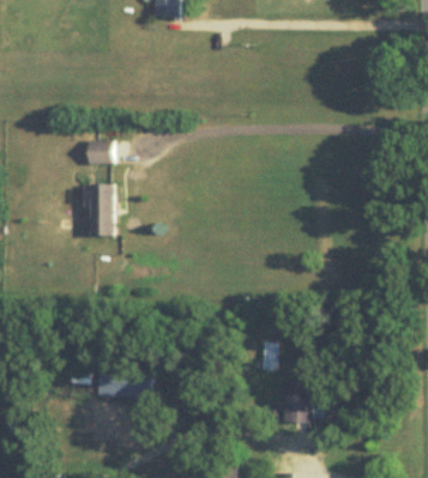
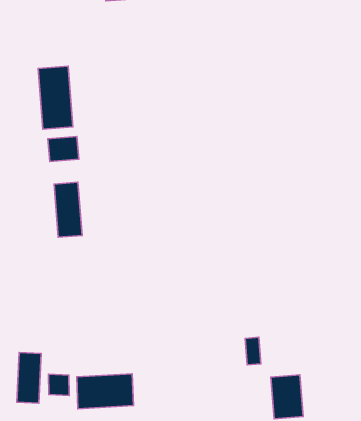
building: none -> [38,66,73,129]
building: none -> [17,352,41,403]

